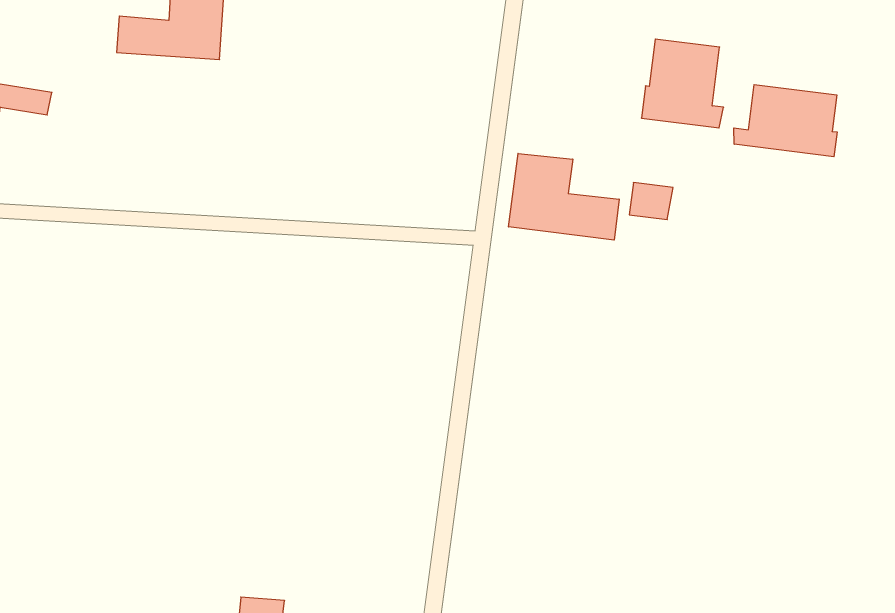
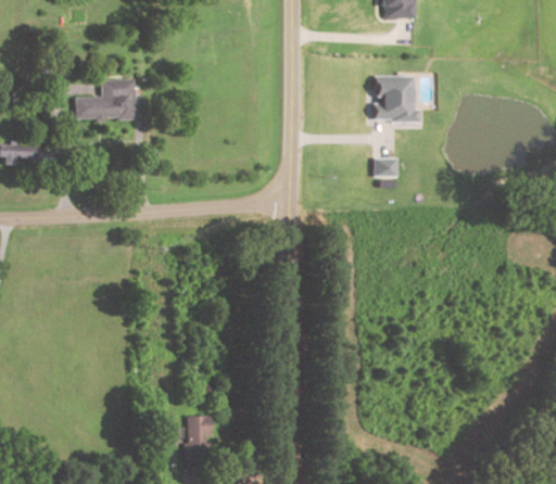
building: [734,85,837,157] -> none
building: [509,153,619,240] -> none

